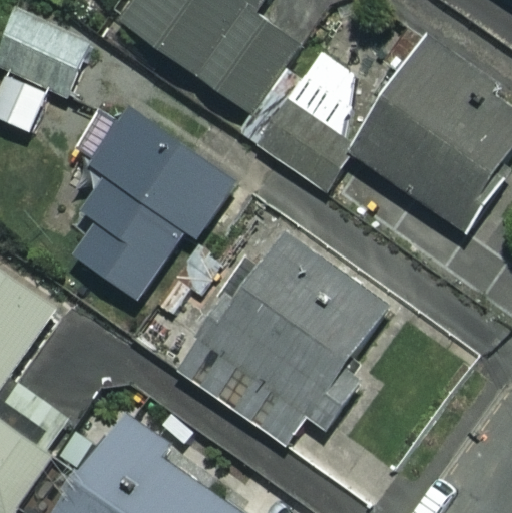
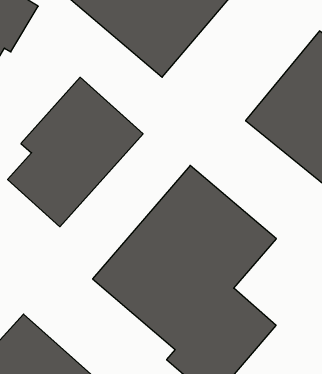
building: [237,55,365,191] -> none

